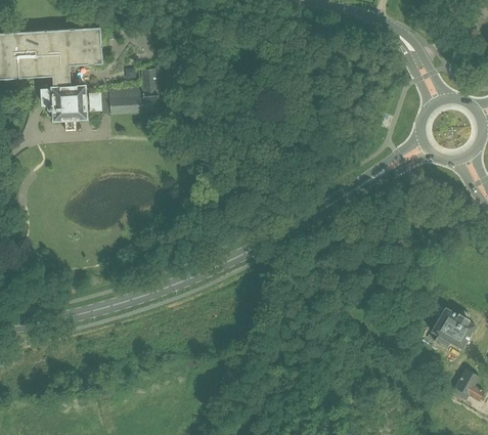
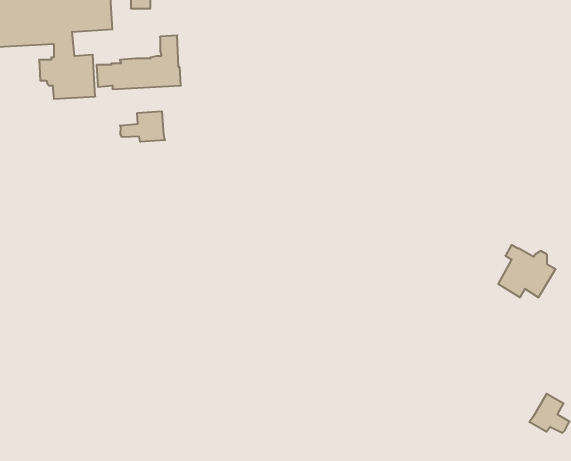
building: none -> [120,111,165,142]
building: [428,305,476,349] -> [498,245,556,297]

